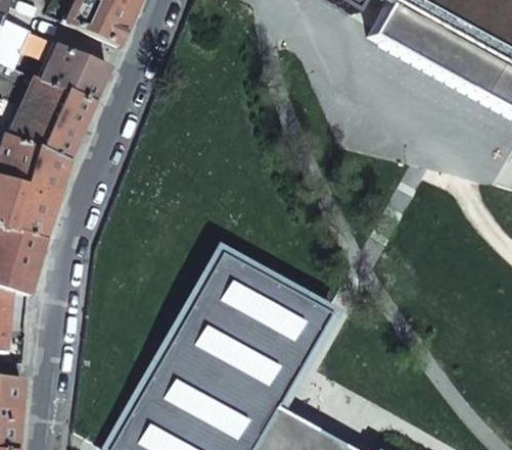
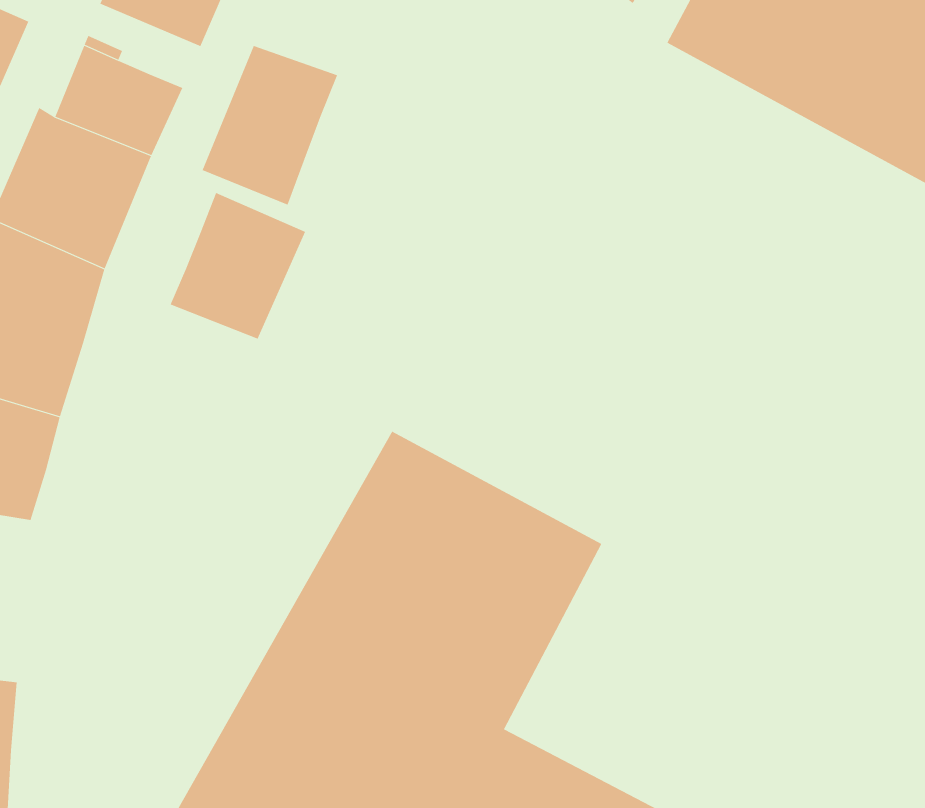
building: none -> [202,45,338,205]
building: none -> [170,192,306,339]

